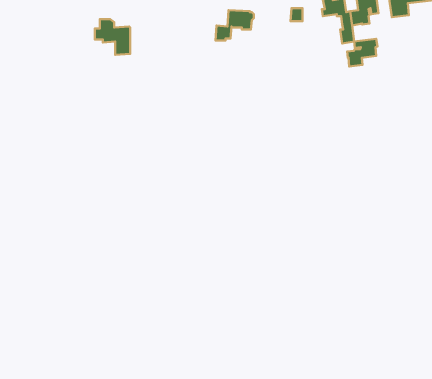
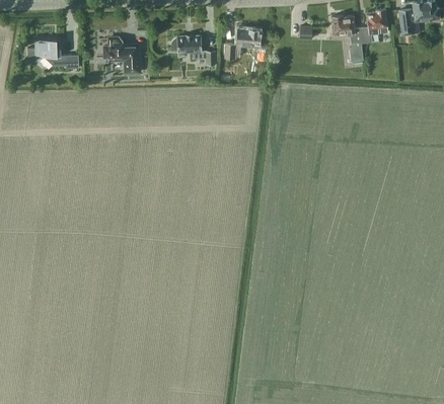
building: none -> [171,34,215,65]
building: none -> [27,38,79,68]
building: [347,39,377,66] -> none

